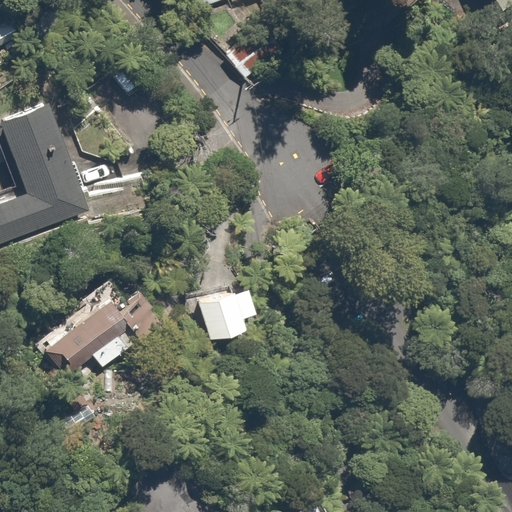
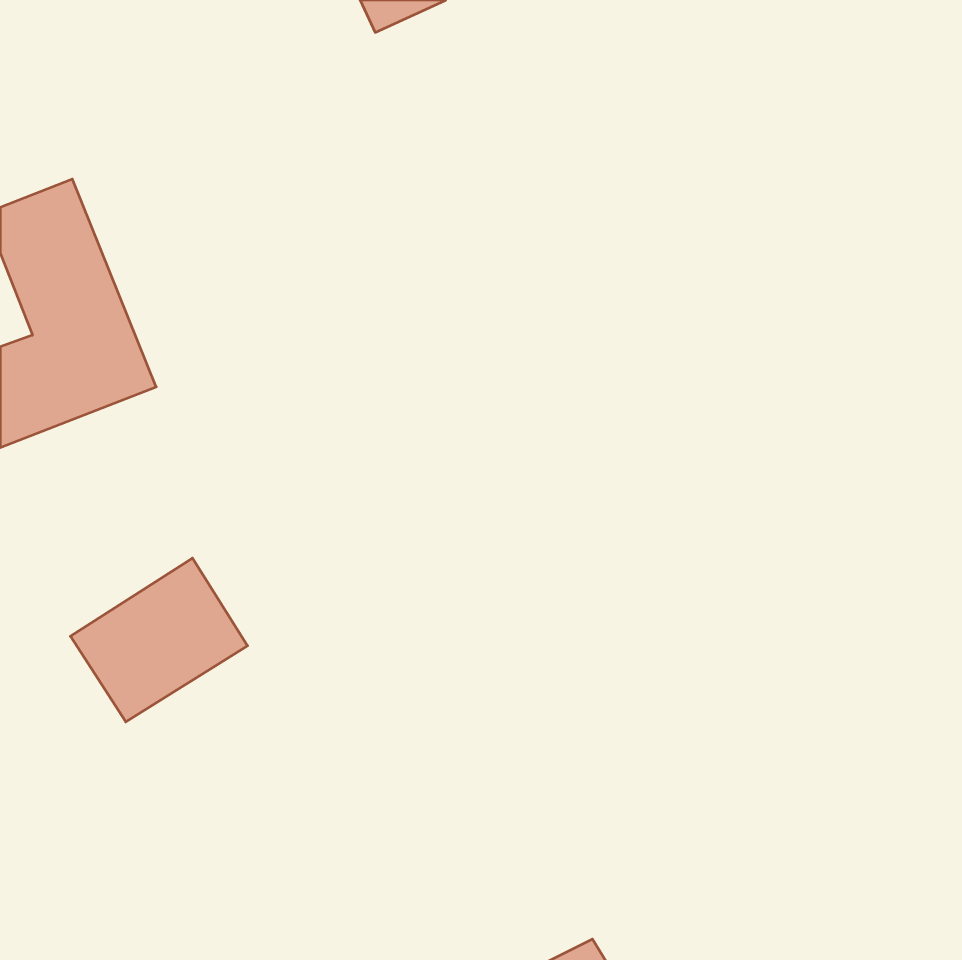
building: [194,288,258,342] -> none

